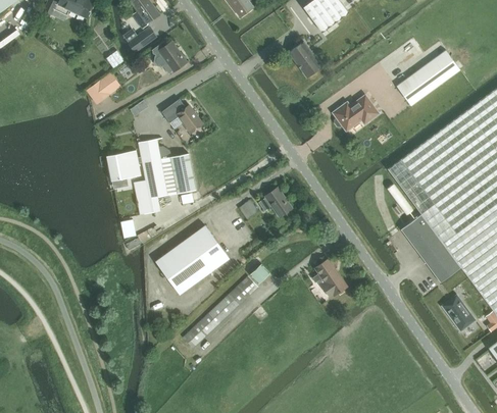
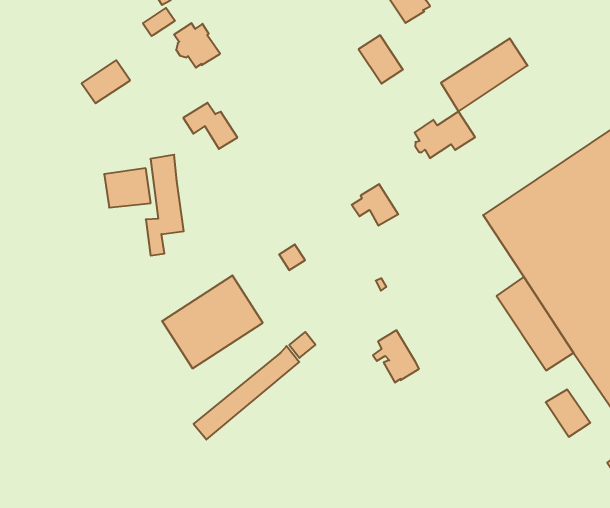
building: [397,50,460,106] -> [441,38,528,111]
building: [160,153,196,195] -> none
building: [258,187,293,217] -> [352,184,398,226]

